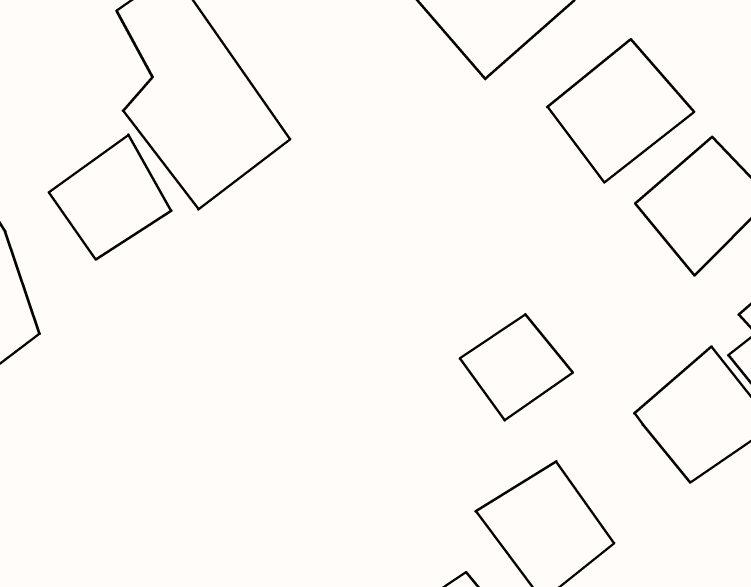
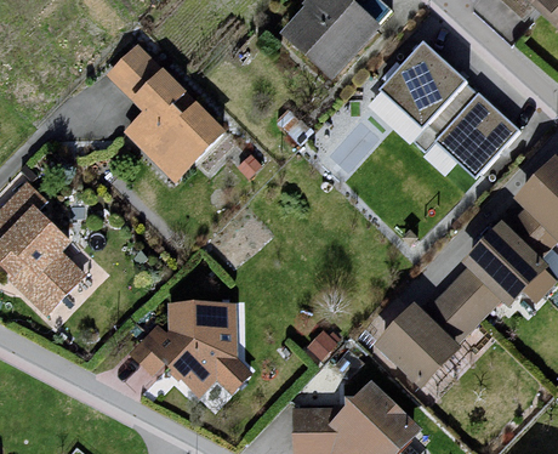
building: [49,135,171,259] -> none
building: [460,314,573,420] -> [427,274,496,340]
building: none -> [150,301,254,386]

